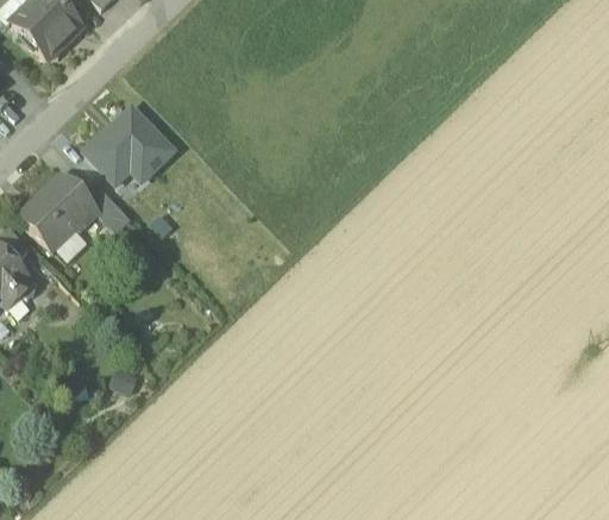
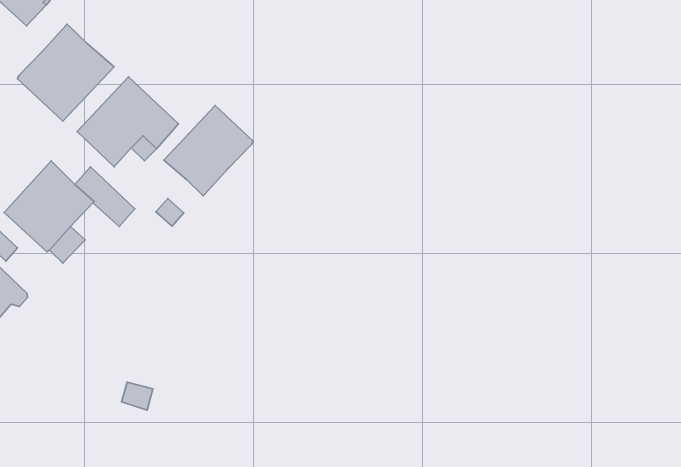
building: none -> [17,24,114,121]
building: none -> [164,106,253,196]

